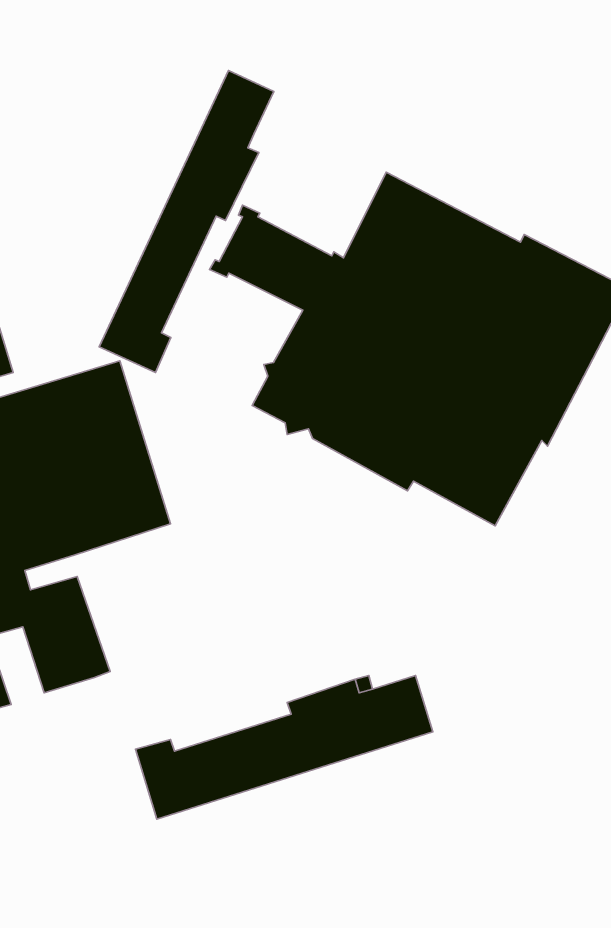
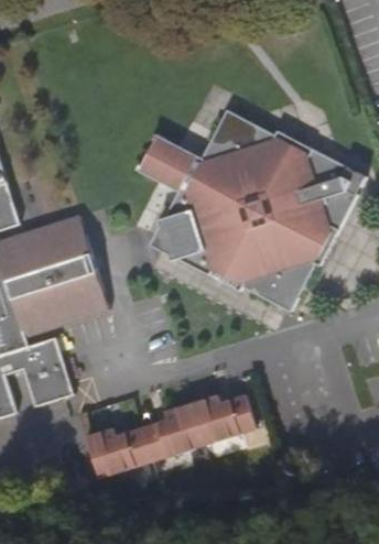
building: [99,71,274,372] -> none

